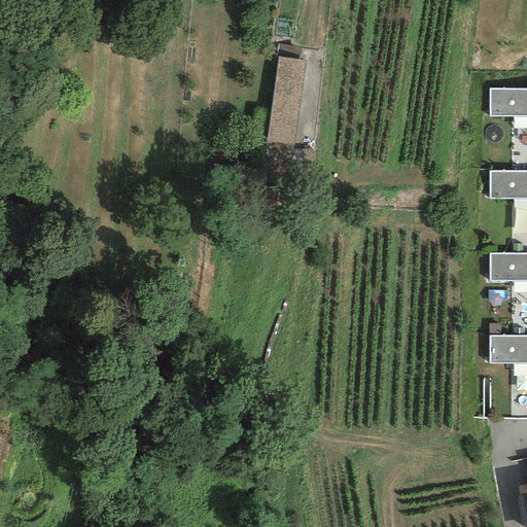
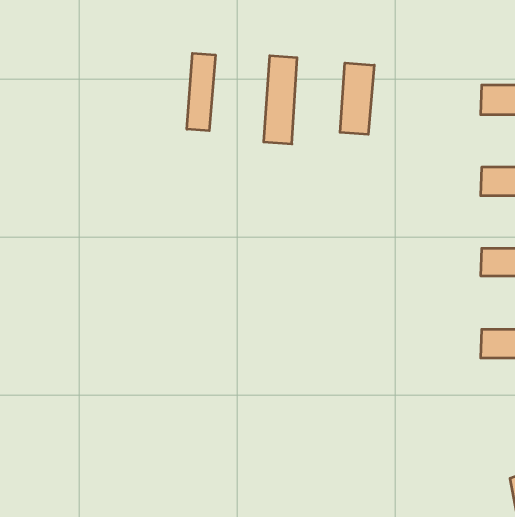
building: none -> [187,53,215,131]
building: none -> [340,63,374,134]

